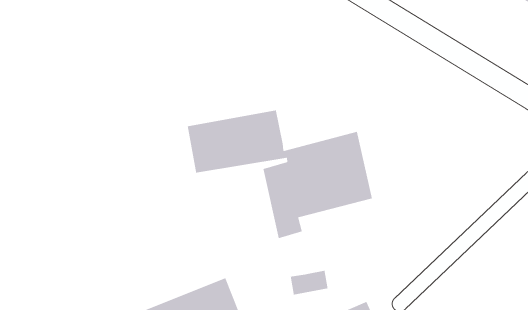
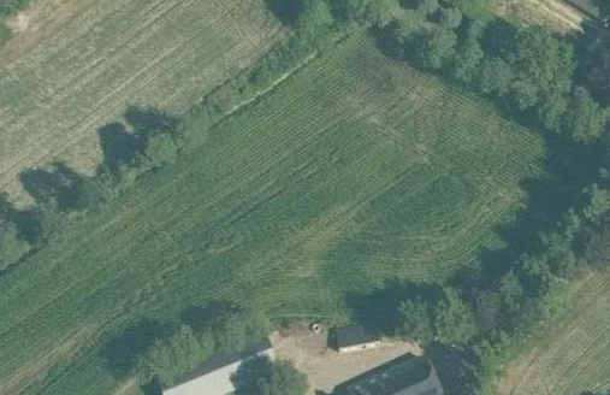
building: [187,109,373,239] -> none

